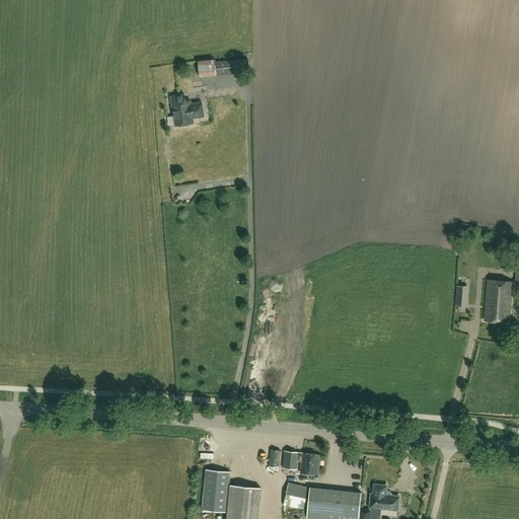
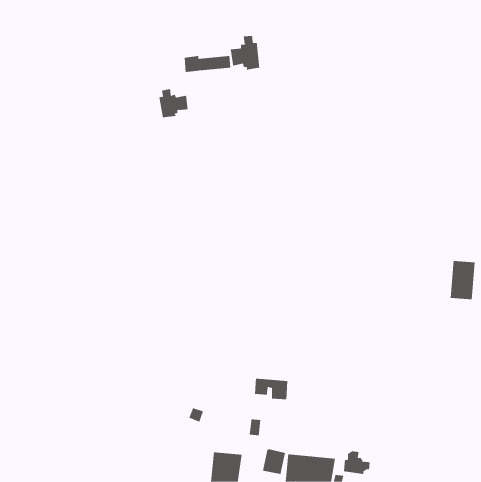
building: none -> [230,35,260,70]
building: [282,451,318,474] -> [254,378,288,400]
building: [201,469,229,513] -> none

